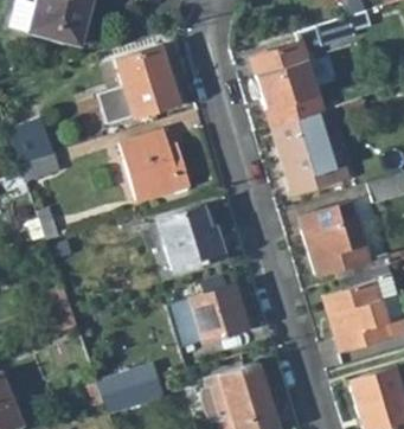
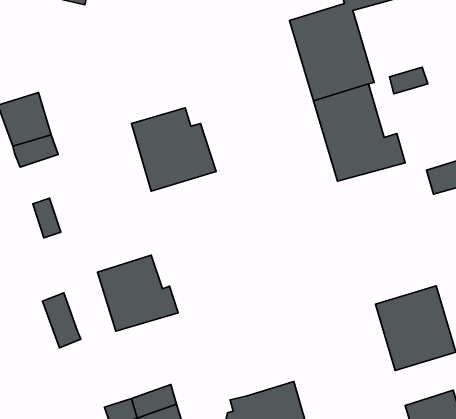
building: [98,46,179,123] -> none
building: [302,200,373,274] -> none
building: [158,205,225,269] -> [98,255,178,331]
building: [190,283,246,339] -> none

